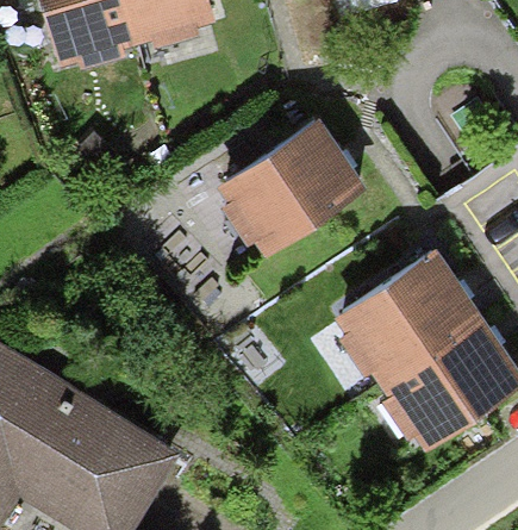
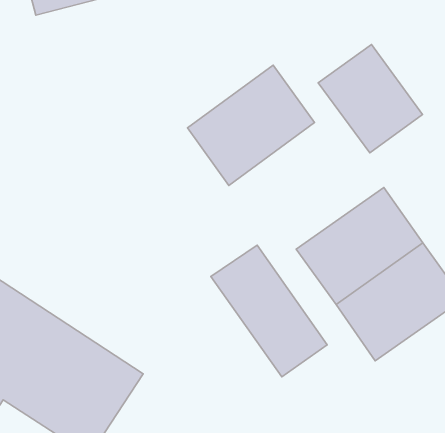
building: none -> [318,45,422,153]
building: none -> [211,245,327,377]

